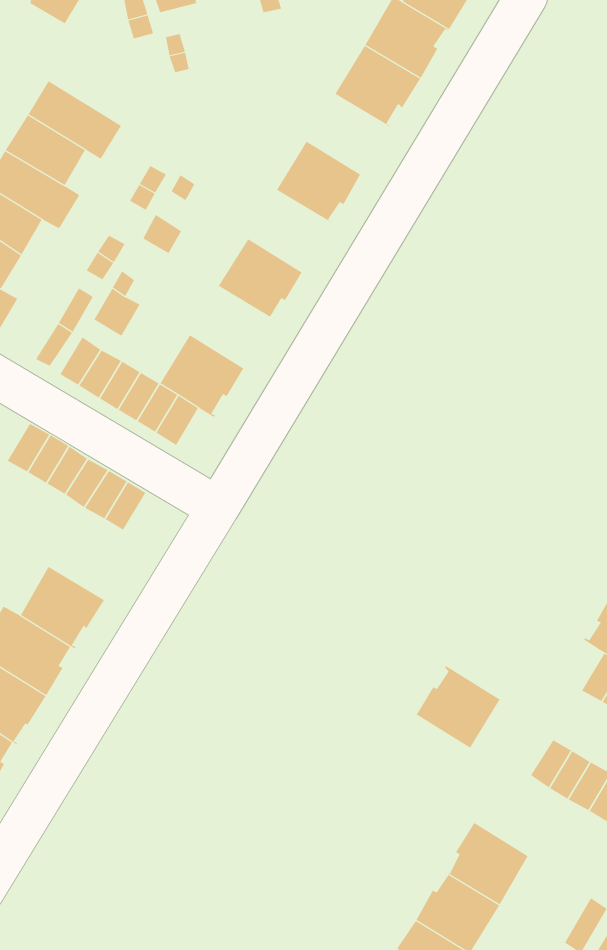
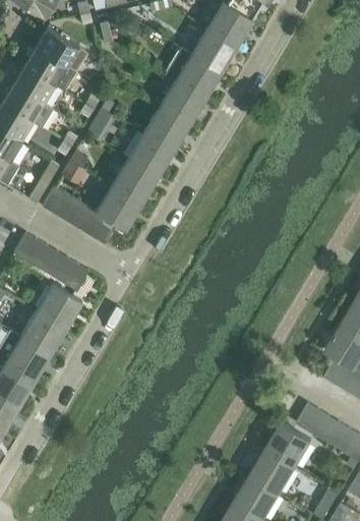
building: none -> [36,27,87,71]
building: none -> [165,48,221,98]
building: none -> [143,106,189,151]
building: none -> [112,158,158,202]
building: none -> [36,283,82,328]
building: [416,666,501,748] -> [265,421,311,466]

